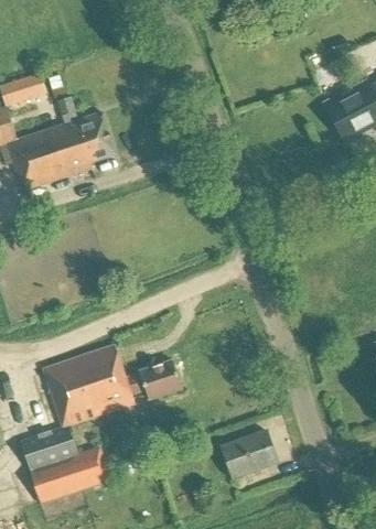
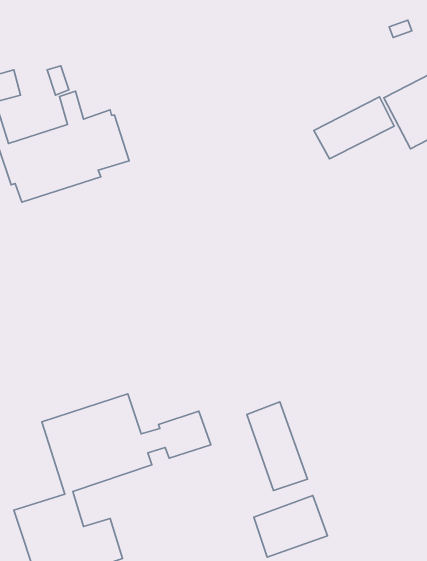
building: none -> [314,97,394,159]
building: none -> [247,402,307,491]

